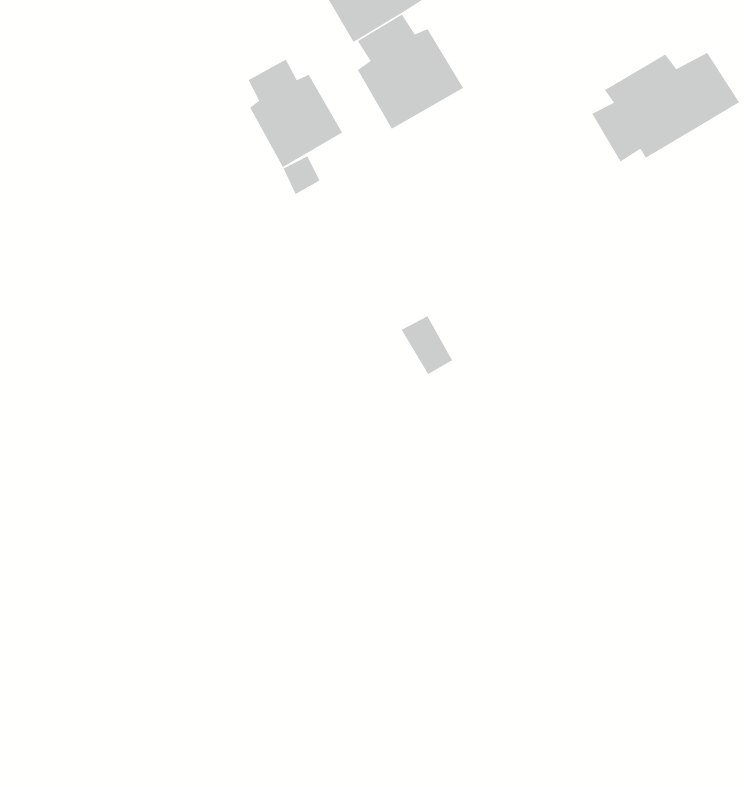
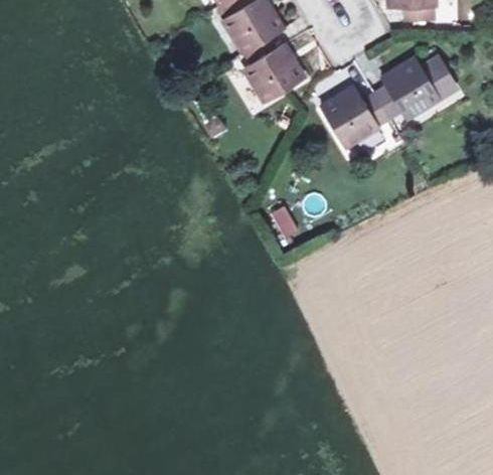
building: [247,58,343,168] -> none
building: none -> [322,89,391,147]

